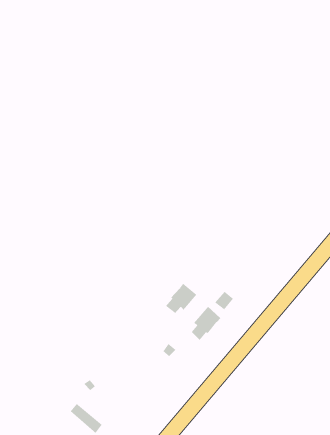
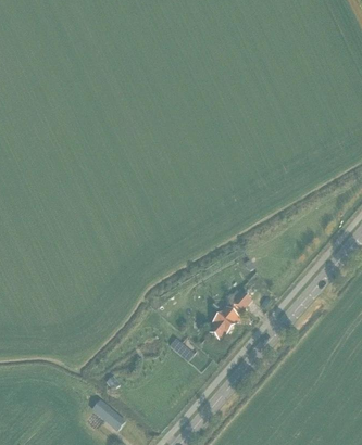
building: [165,283,197,314] -> none

